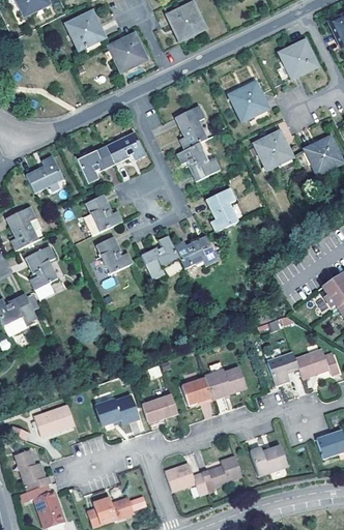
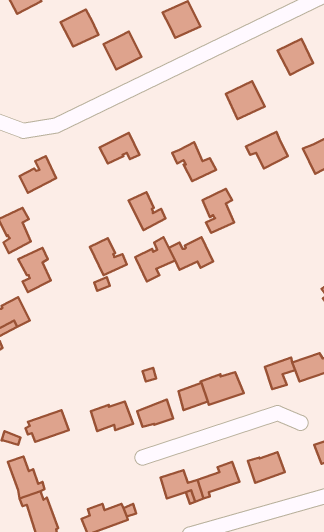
building: [175,105,206,149] -> none
building: [77,147,113,181] -> none
building: [85,194,121,231] -> [129,192,166,230]

